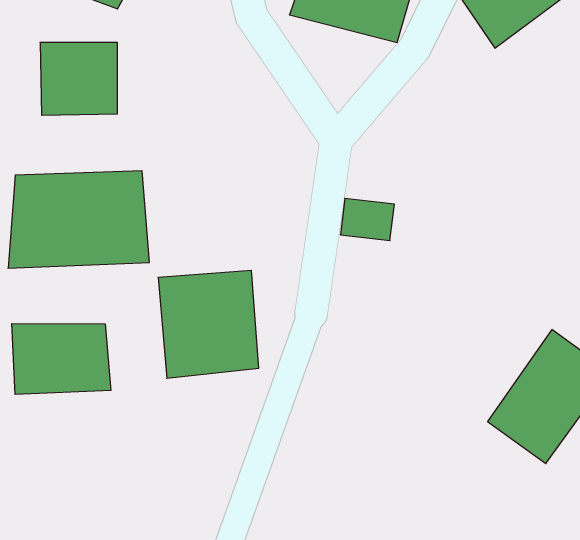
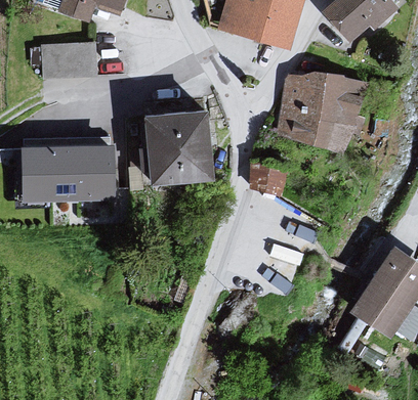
building: none -> [275,74,363,158]
building: [158,270,259,378] -> [147,109,217,185]
building: [12,324,111,394] -> none

